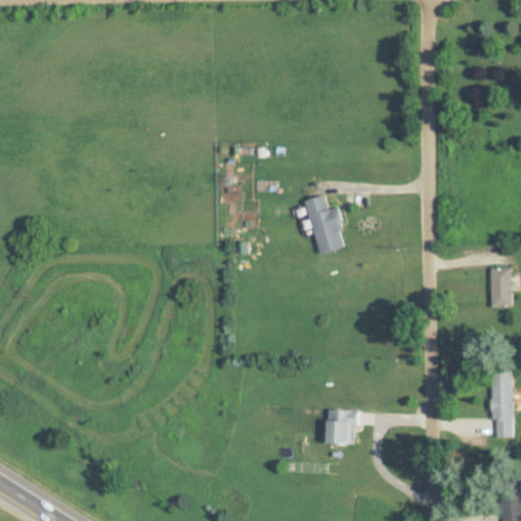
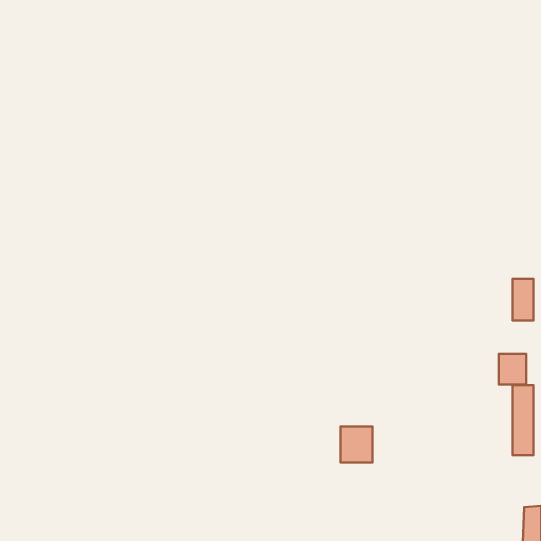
building: [305,195,346,253] -> none
building: none -> [499,354,526,384]

